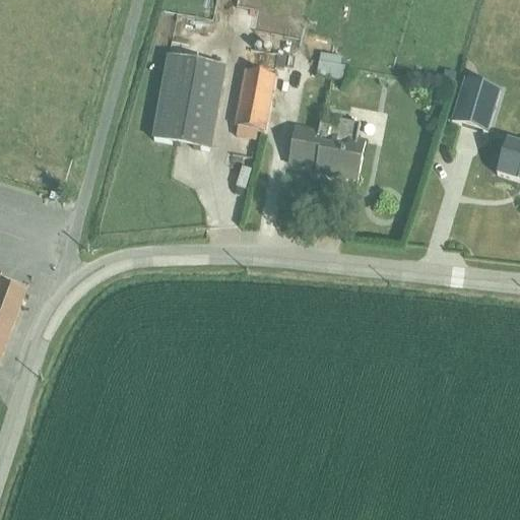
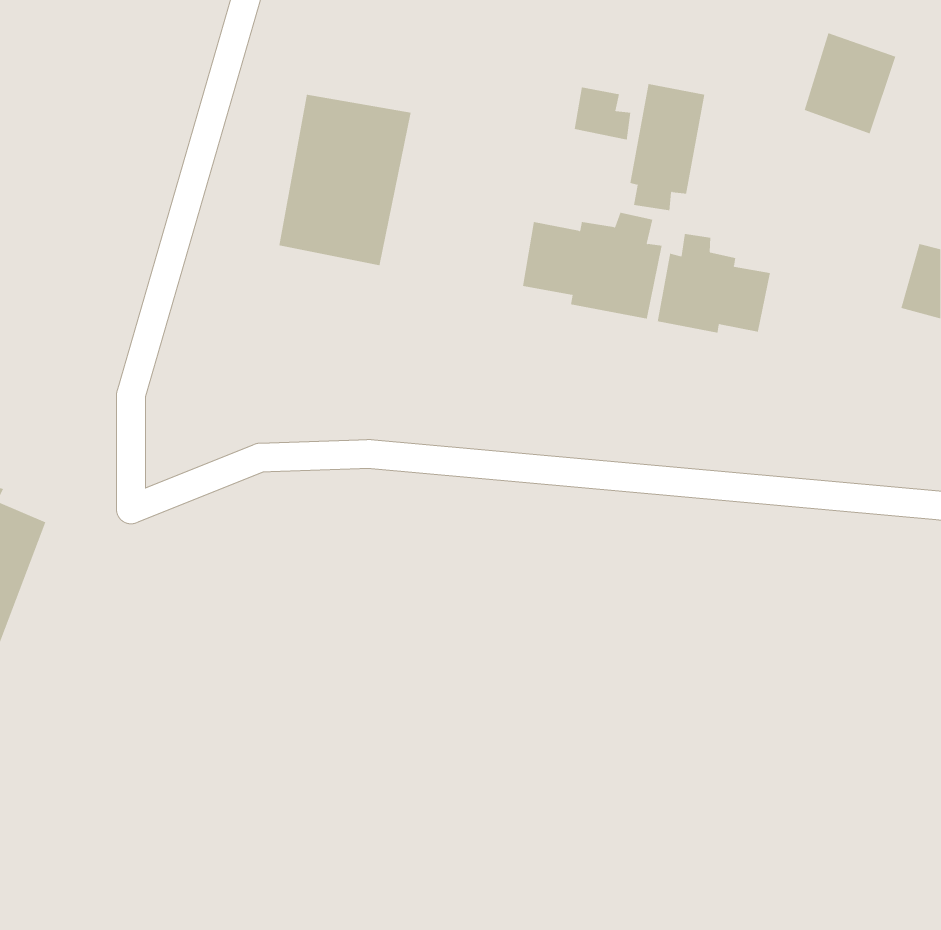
building: [234,66,275,136] -> [630,84,705,211]
building: [446,75,497,131] -> [804,33,896,134]
building: none -> [657,233,771,333]

